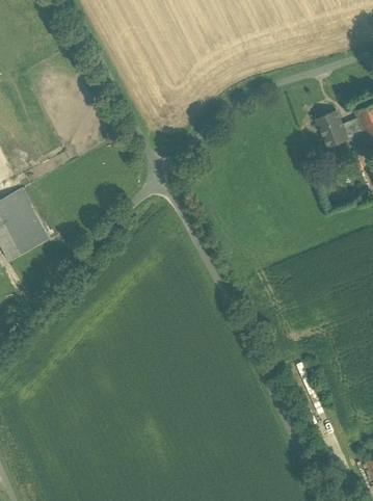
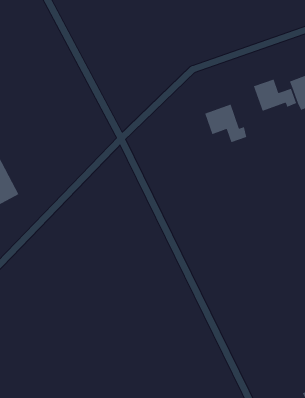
building: none -> [204,104,247,143]

